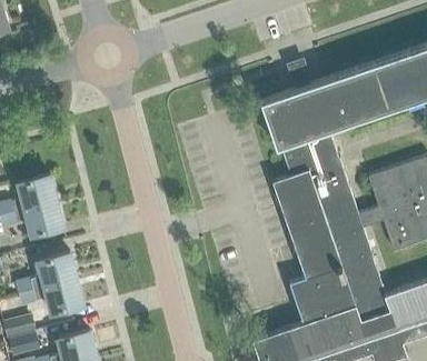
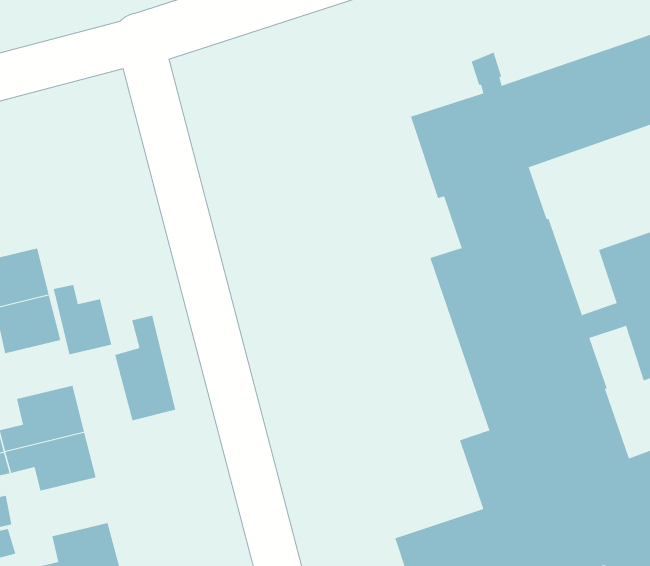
building: none -> [53,284,112,355]
building: none -> [114,315,176,421]

